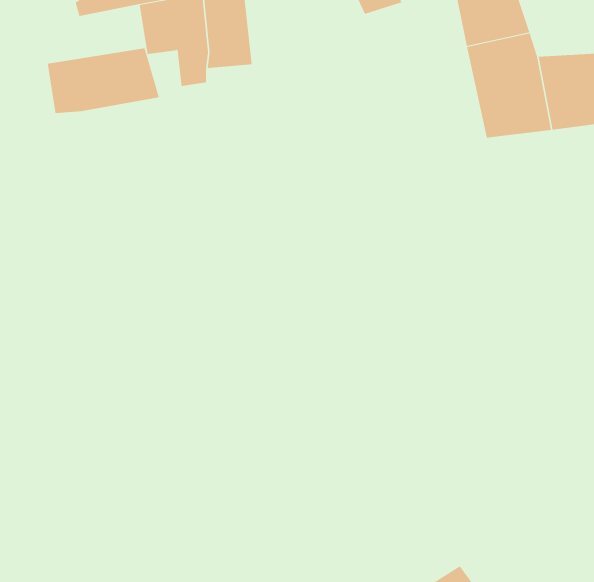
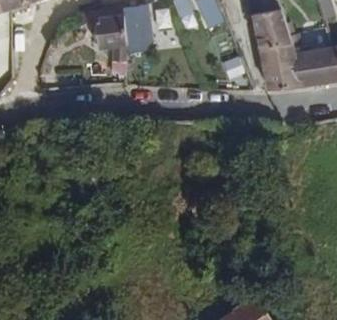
building: [47,48,159,114] -> none

